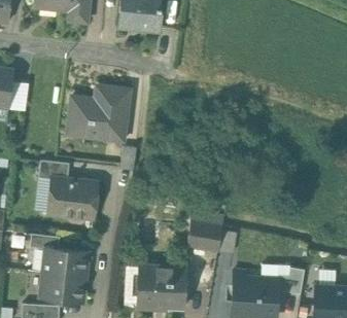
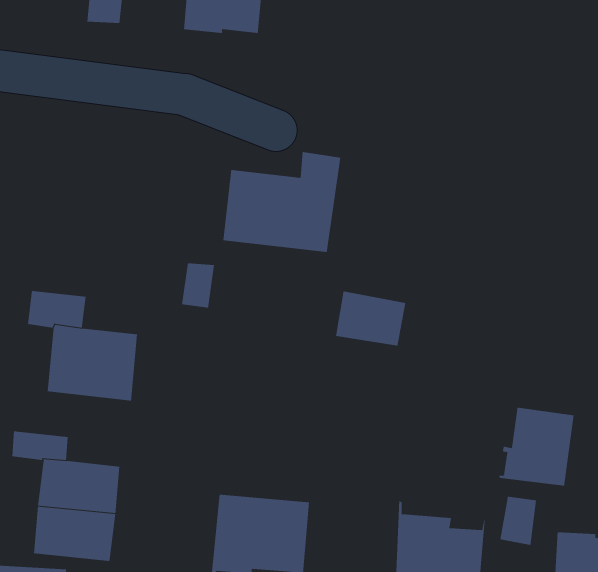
building: [68,89,130,141] -> [223,152,341,252]
building: none -> [499,407,574,487]
building: [186,222,223,251] -> [335,291,406,346]

